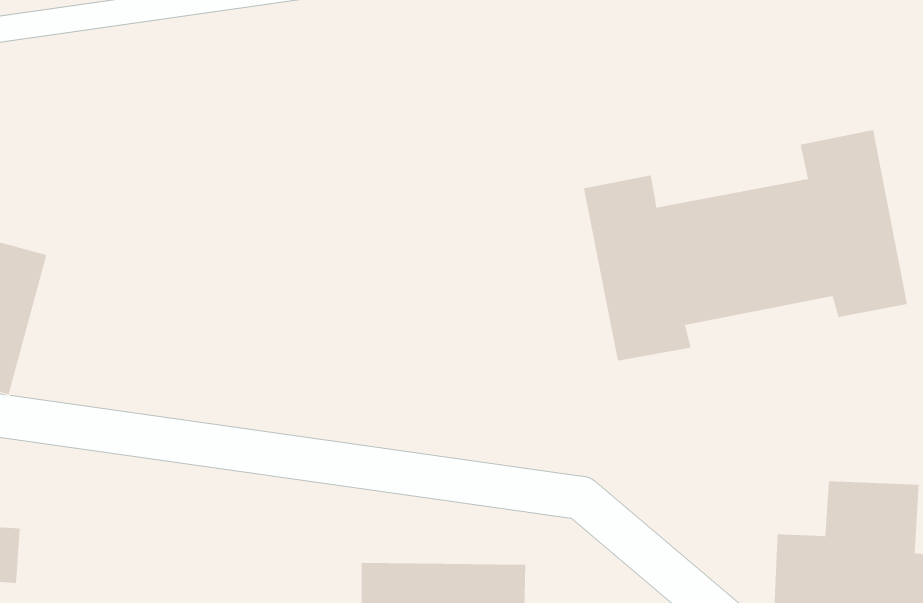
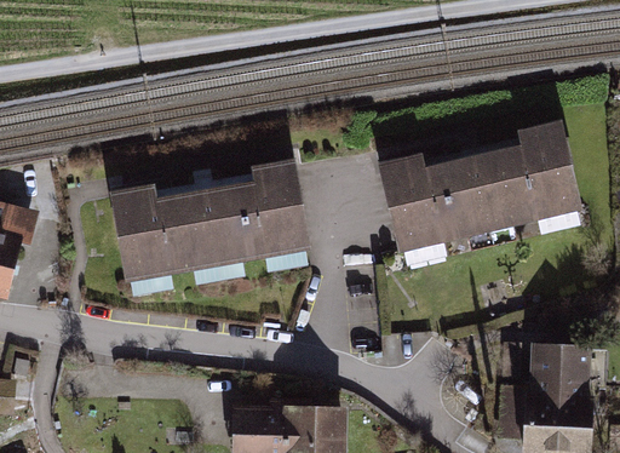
building: none -> [110,159,309,289]

